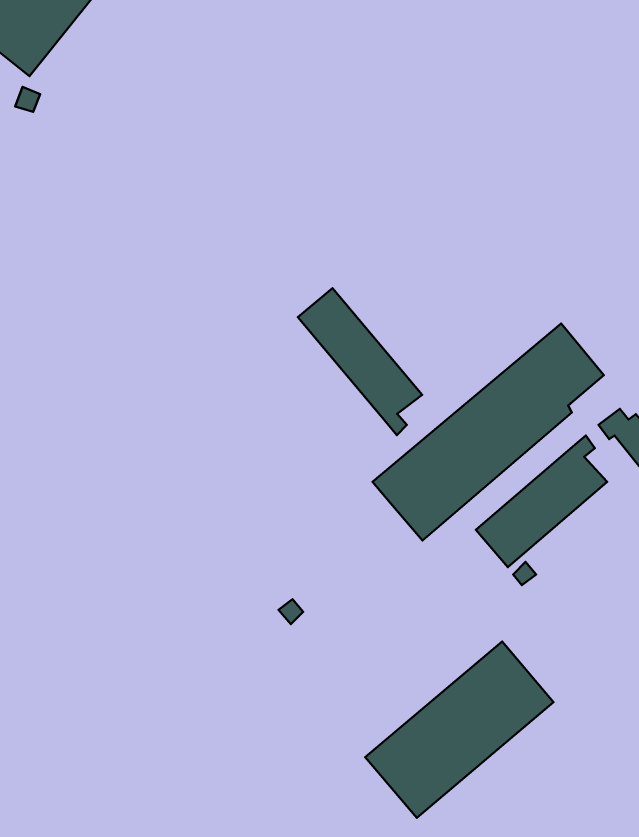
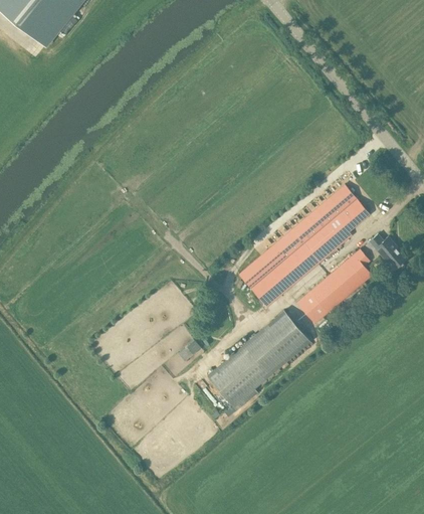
building: [298,288,422,435] -> none
building: [365,642,554,818] -> [206,310,312,409]

